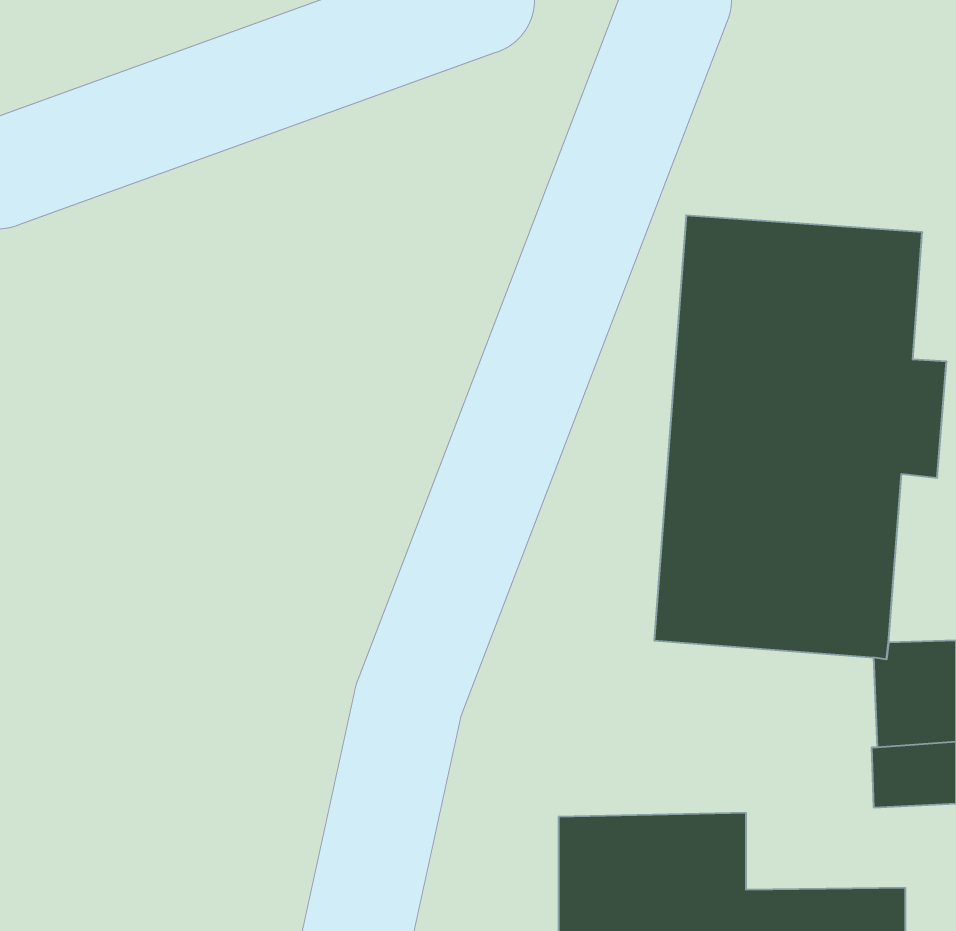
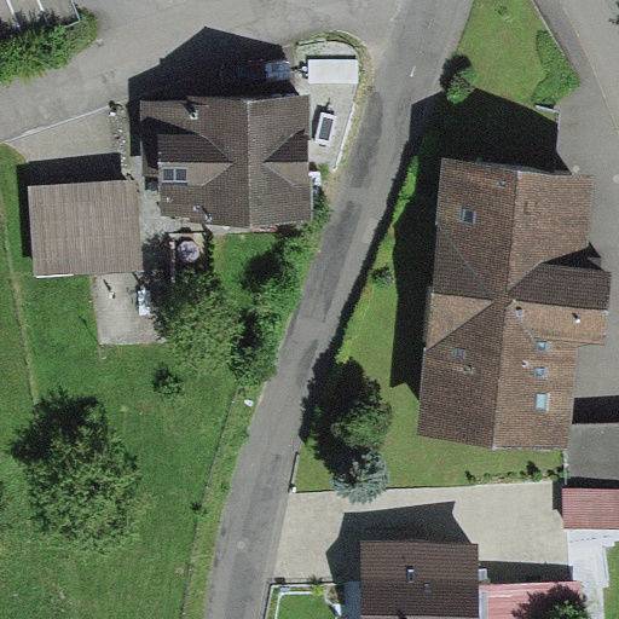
building: none -> [138,93,312,227]
building: none -> [29,187,141,285]

